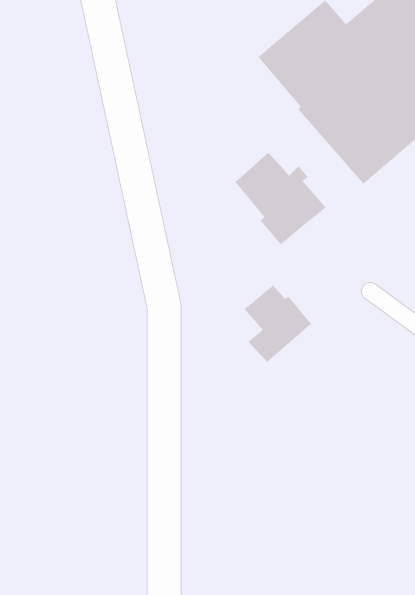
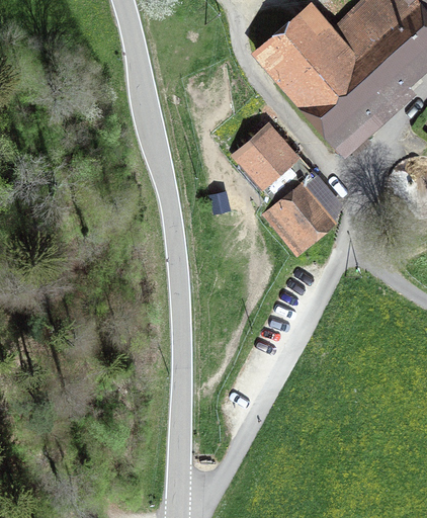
building: [244,285,312,363] -> [274,188,331,253]

